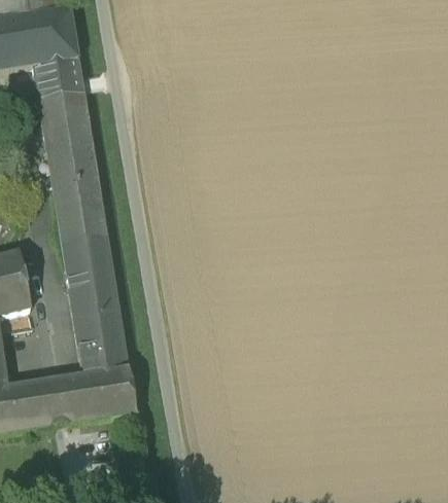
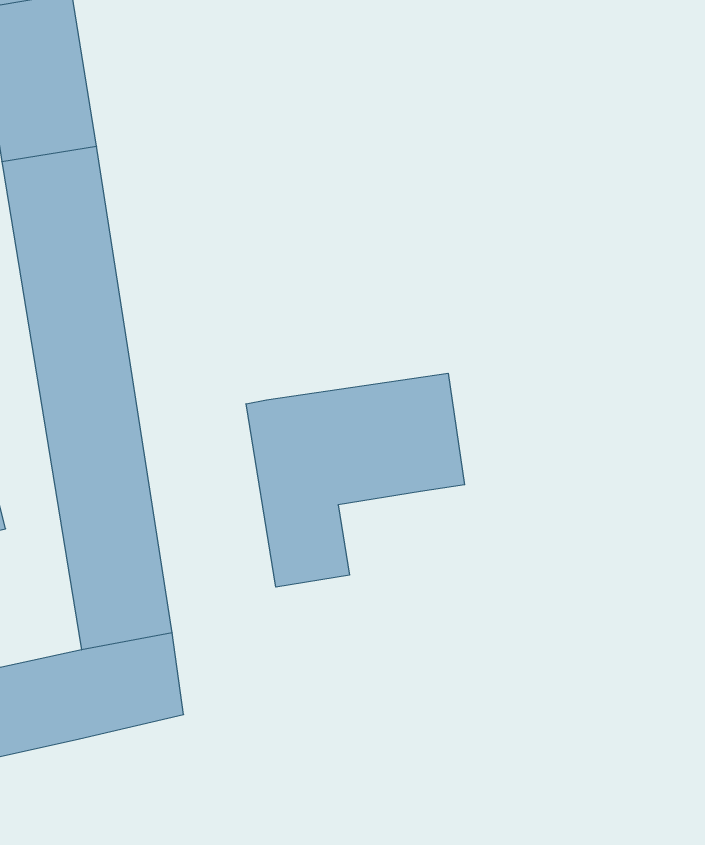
building: none -> [246,373,465,587]

